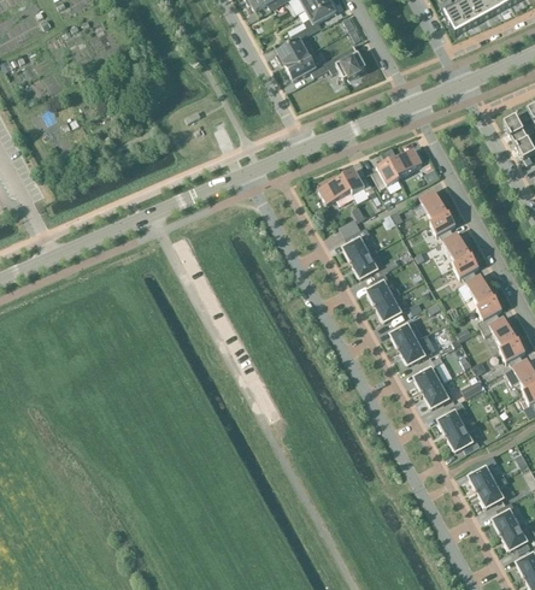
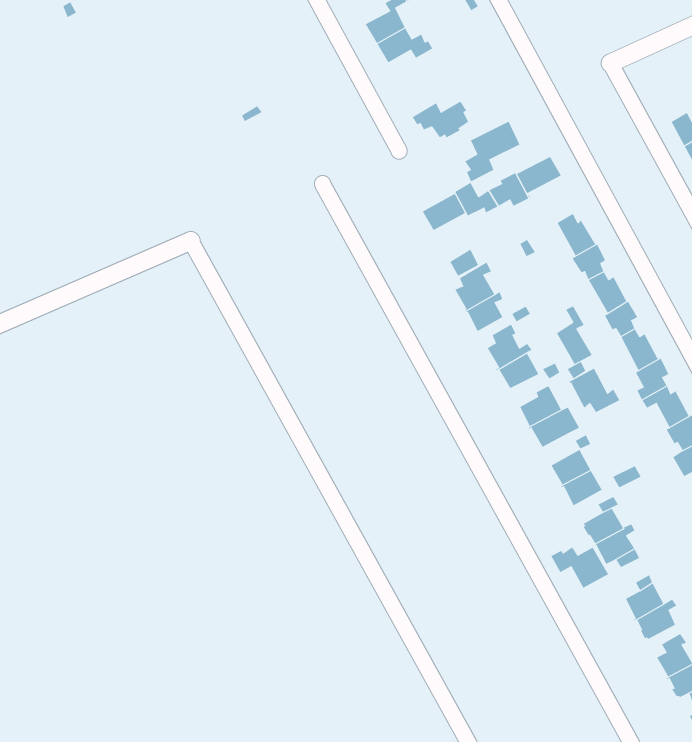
building: [323,51,365,78] -> [412,101,469,138]
building: none -> [464,121,520,182]
building: none -> [556,306,592,365]
building: none -> [568,368,620,413]
building: none -> [550,546,609,589]

